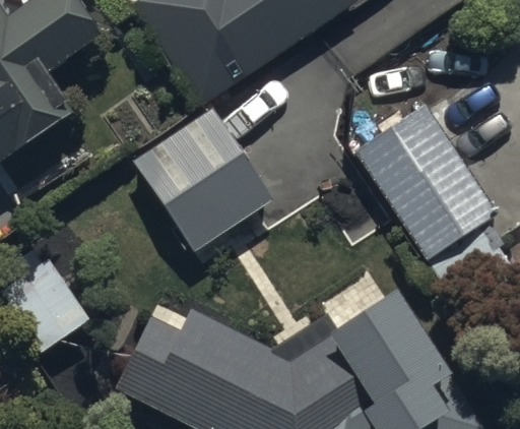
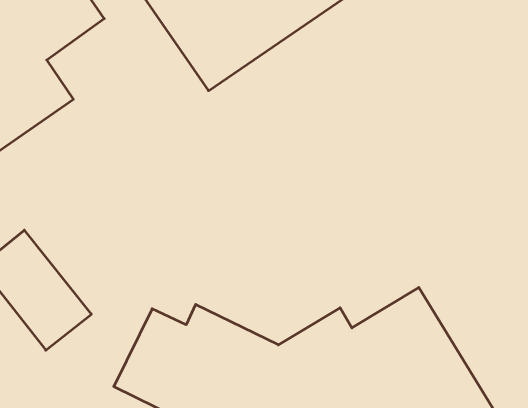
building: [352,101,500,261] -> none
building: [129,105,273,254] -> none

